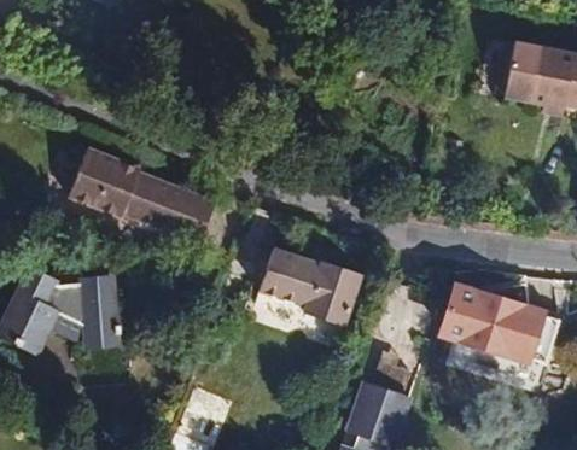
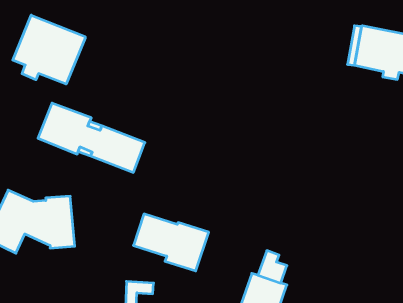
building: none -> [13,15,85,84]
building: [260,249,363,327] -> [133,214,209,271]
building: [444,288,560,364] -> none

